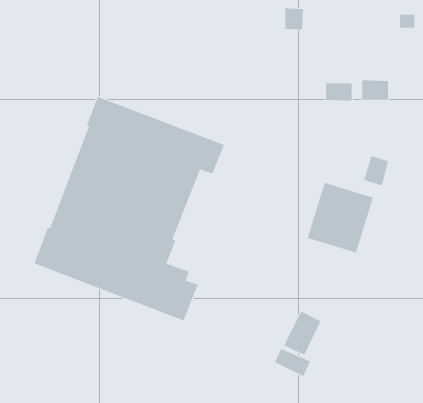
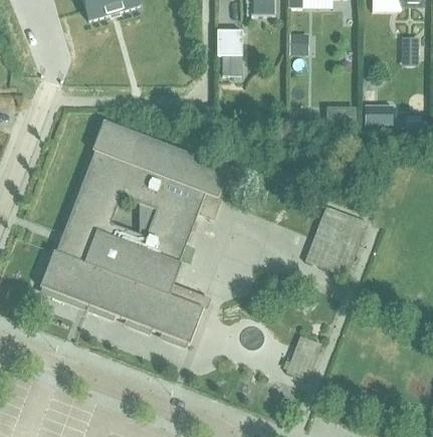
building: none -> [216,30,241,74]
building: [363,155,389,186] -> none
building: [274,348,311,377] -> none

